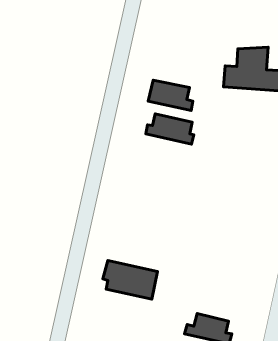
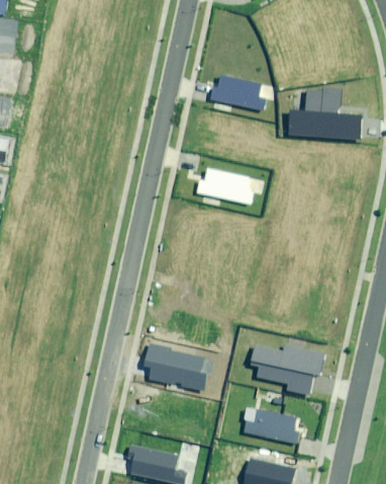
building: [148,80,193,110] -> [210,74,264,110]
building: none -> [249,344,322,393]

